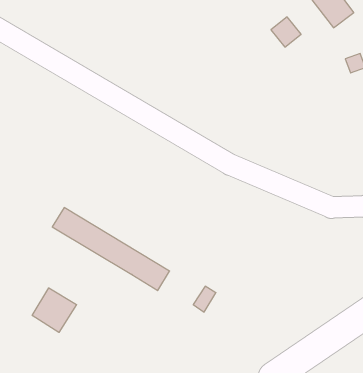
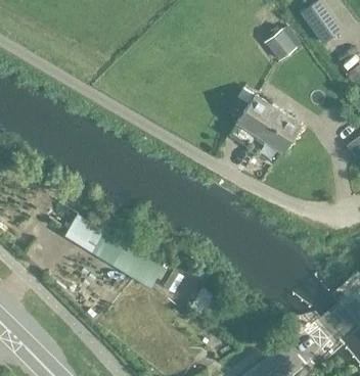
building: none -> [237,95,300,147]
building: [32,288,77,332] -> none

